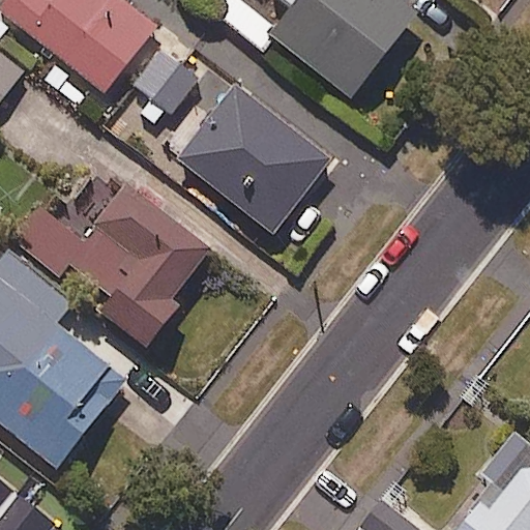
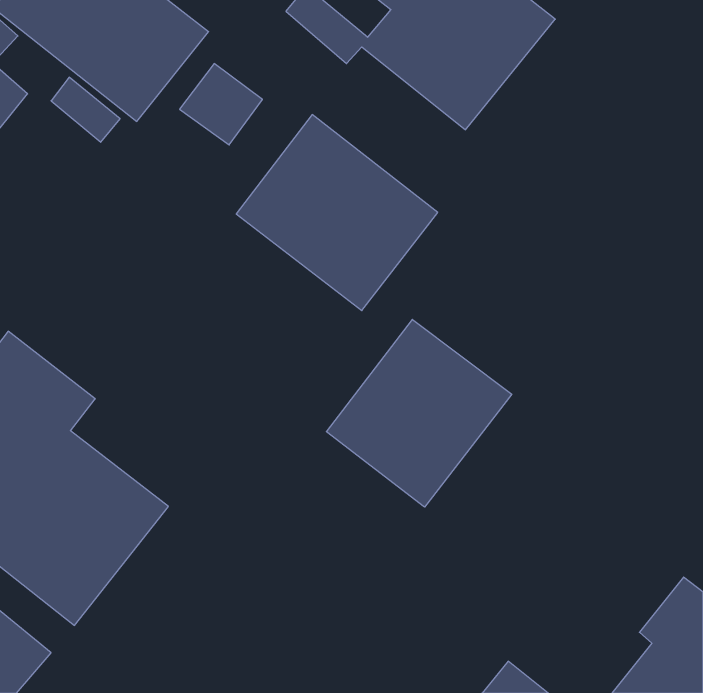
building: [20,184,217,350] -> none
building: none -> [326,319,512,507]

